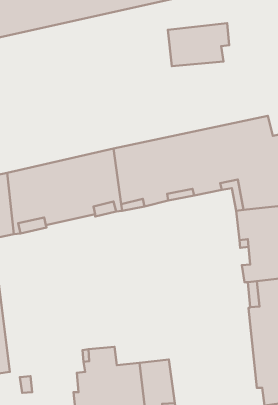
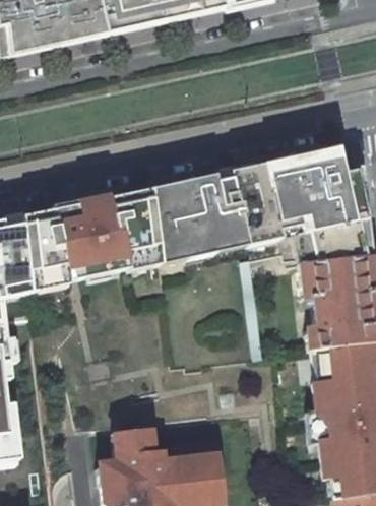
building: [168,23,229,66] -> none

